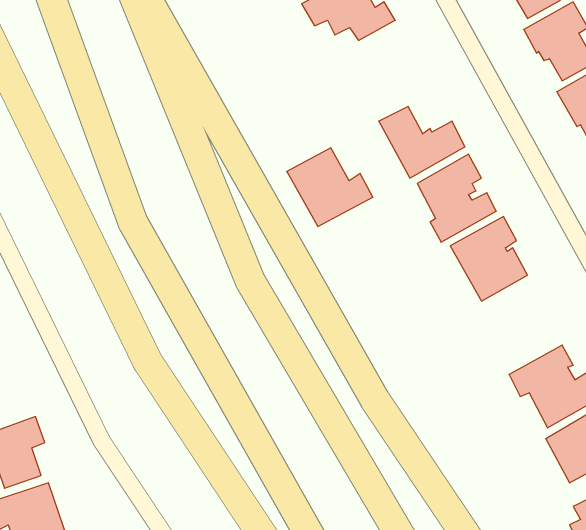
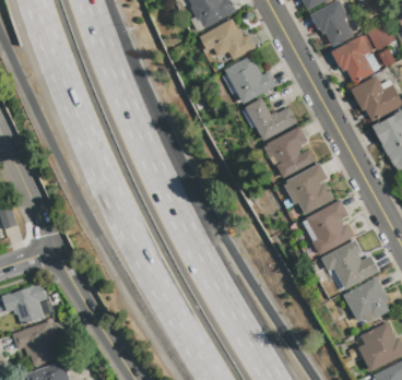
building: [287,148,373,227] -> [225,56,276,103]
building: none -> [307,200,353,254]

